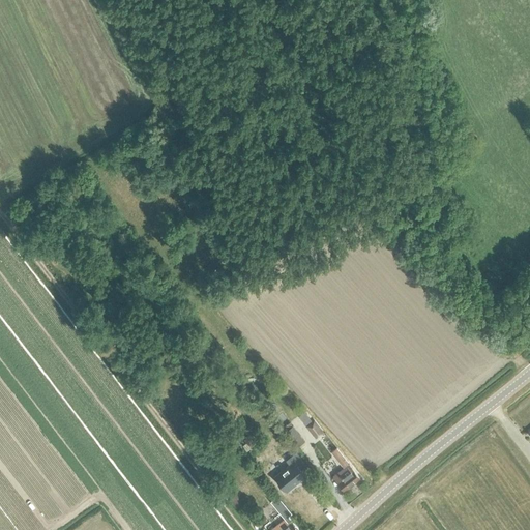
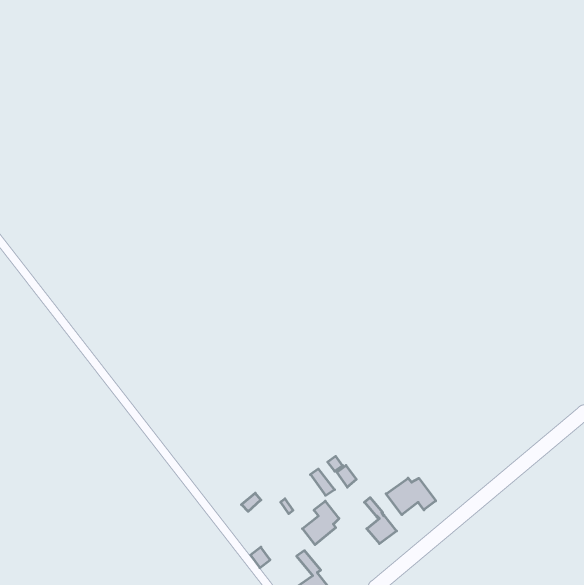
building: none -> [386,478,436,515]

